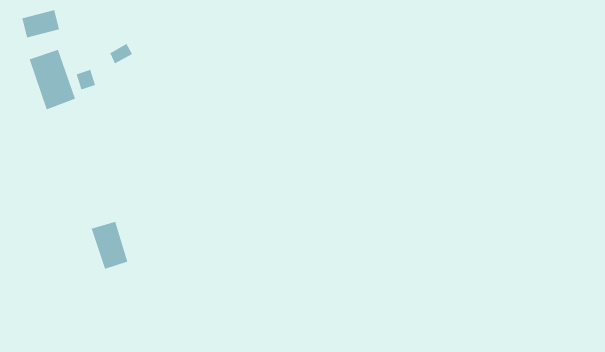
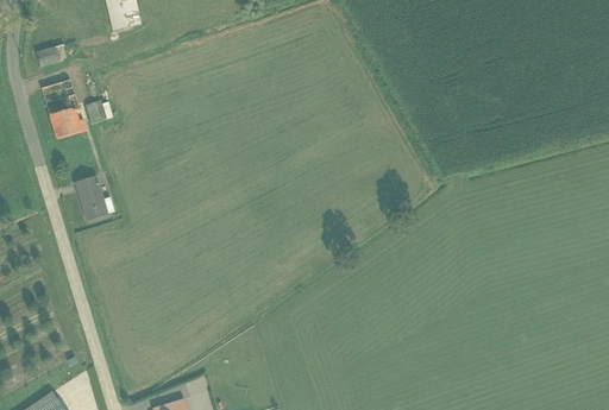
building: [91,221,128,269] -> [71,175,107,221]

